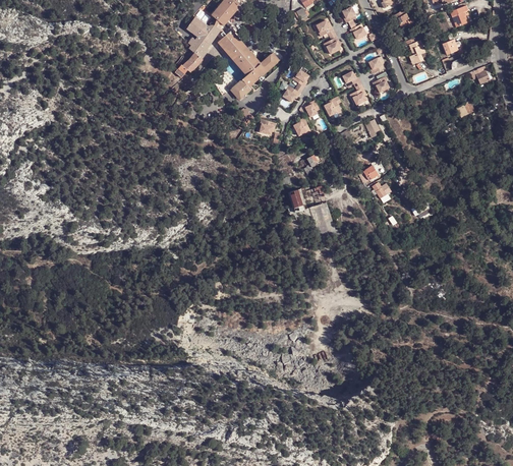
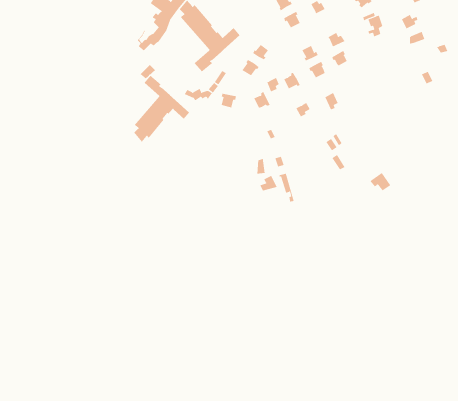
building: none -> [134,75,190,143]

